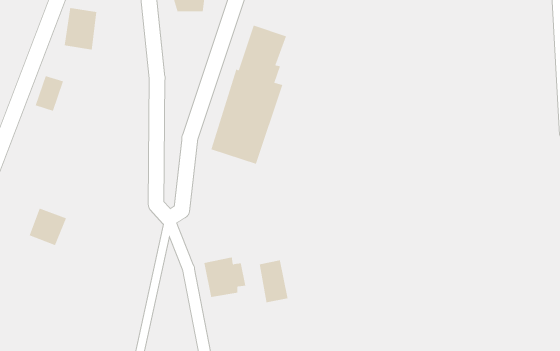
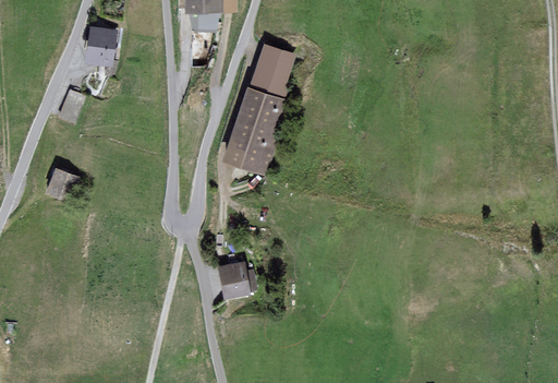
building: [29,208,67,246] -> [45,166,81,202]
building: [259,259,288,303] -> none

